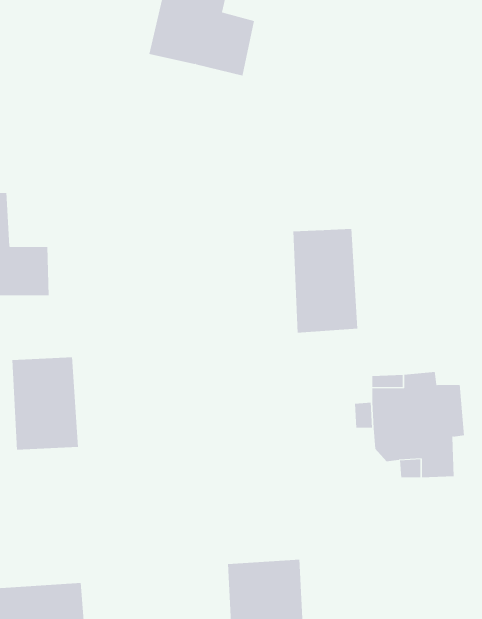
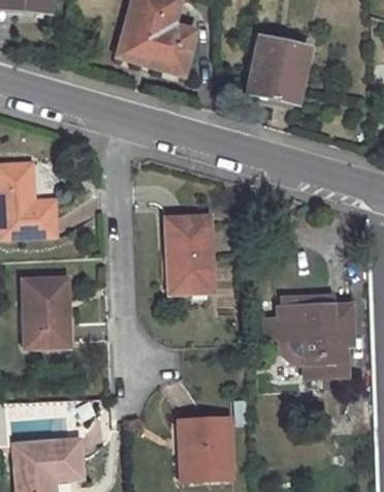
building: none -> [246,38,308,102]
building: [293,228,358,333] -> [164,219,211,294]

